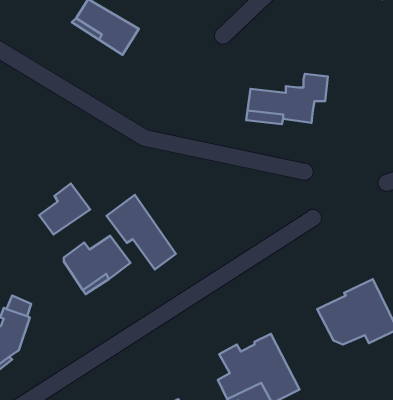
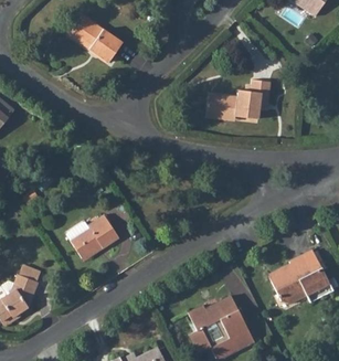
building: [39,183,90,234] -> none
building: [106,195,176,269] -> none

